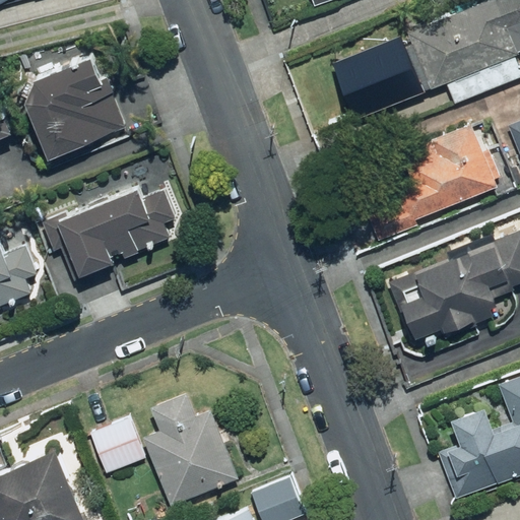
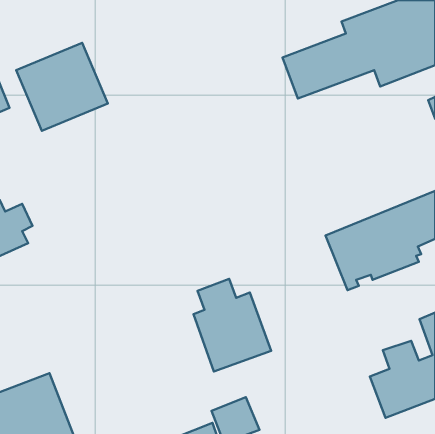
building: [369,124,503,241] -> none
building: [42,185,176,280] -> none
building: [146,392,239,502] -> [193,279,271,371]
building: [88,417,148,476] -> none

